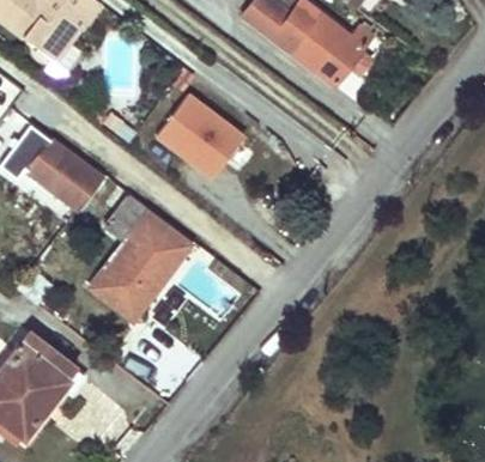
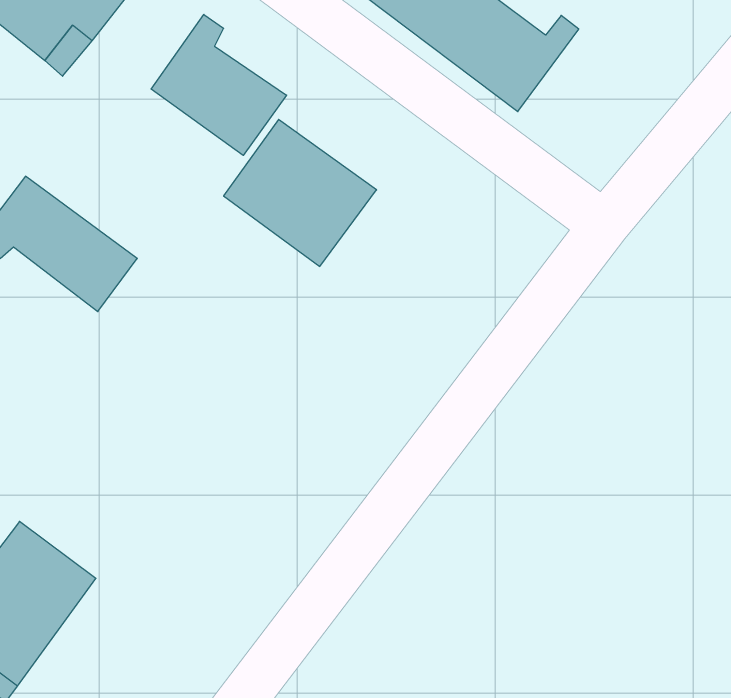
building: none -> [151,14,287,155]
building: [92,195,190,321] -> none

